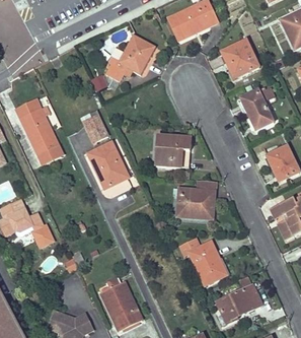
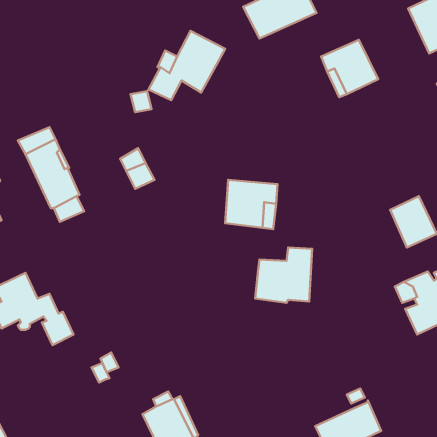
building: [240,88,273,129] -> none
building: [87,141,128,188] -> none
building: [179,239,226,284] -> none

